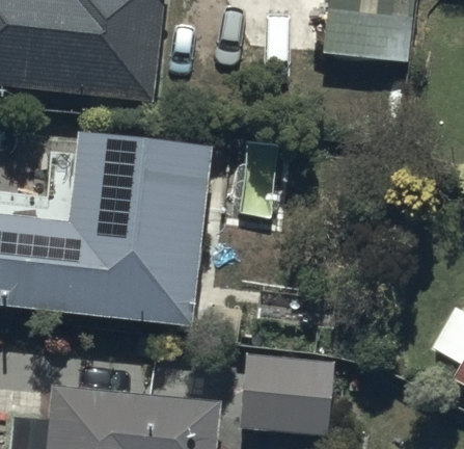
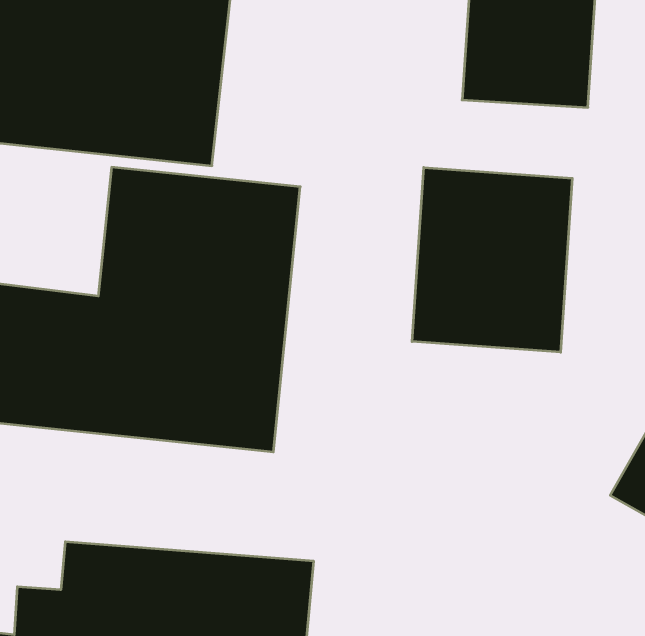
building: none -> [412,167,572,352]
building: [240,352,335,433] -> none

